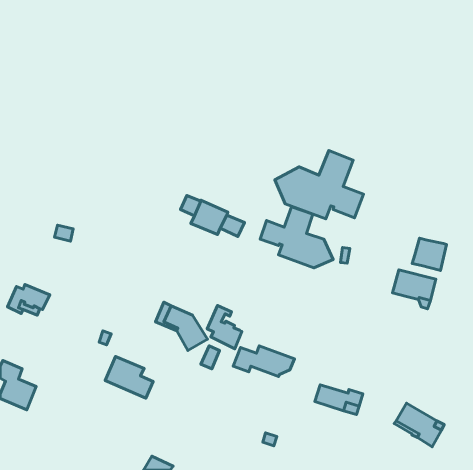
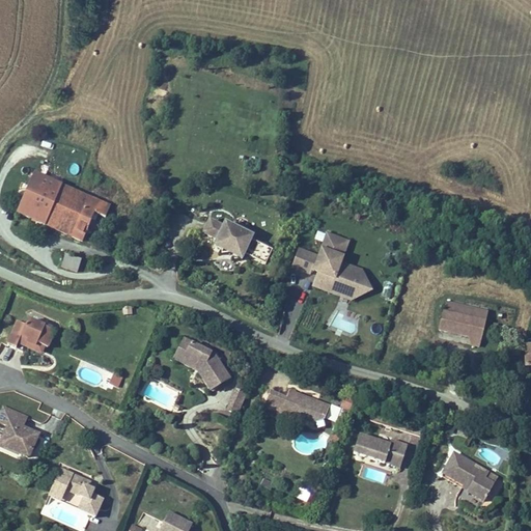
building: [275,151,364,219] -> none
building: none -> [18,172,111,240]
building: [412,238,447,271] -> none
building: [207,306,242,349] -> none
building: [105,356,153,398] -> [50,469,104,515]

